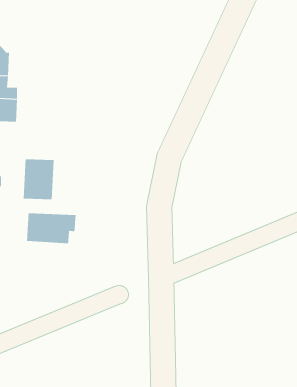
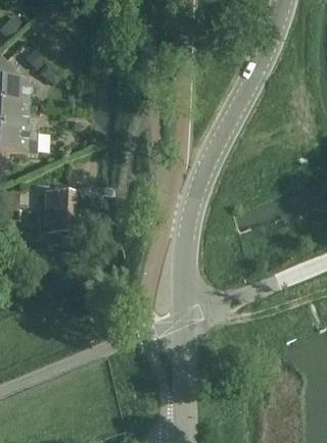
building: [27,212,76,244] -> none

